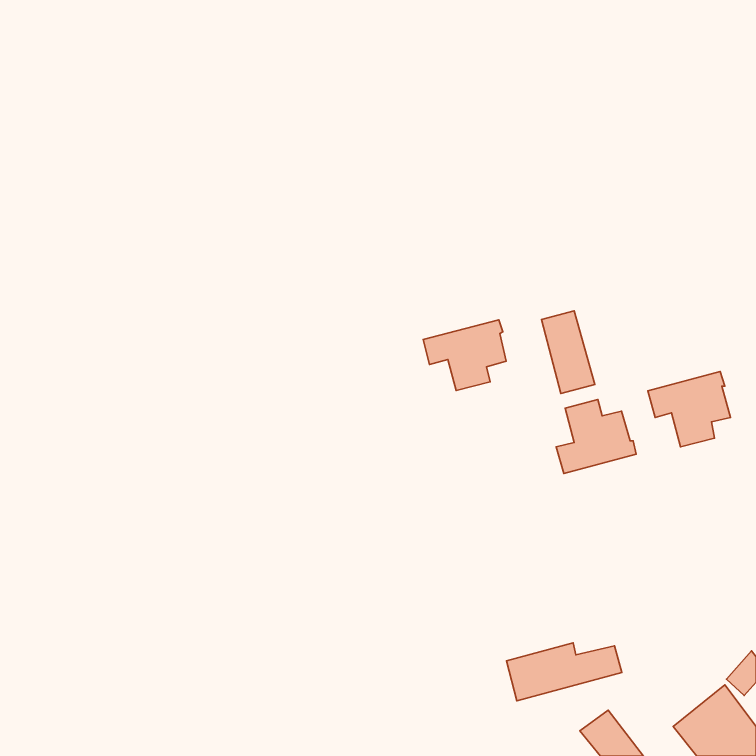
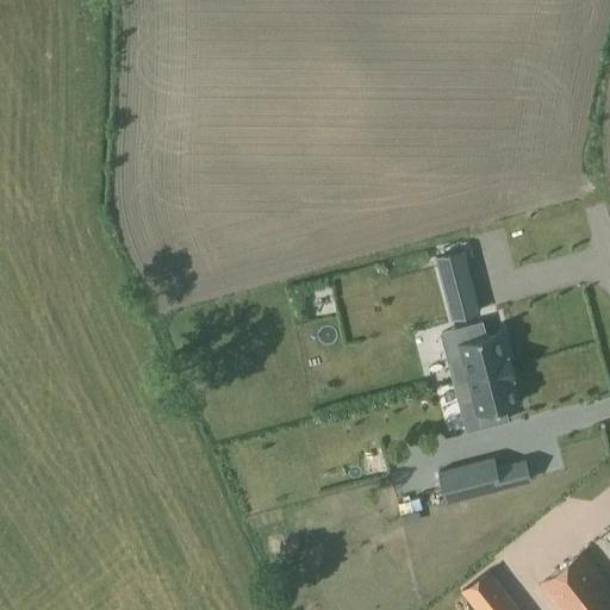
building: [423,320,506,391] -> none
building: [648,372,731,447] -> [454,366,521,427]
building: [506,643,622,701] -> [438,456,531,503]

